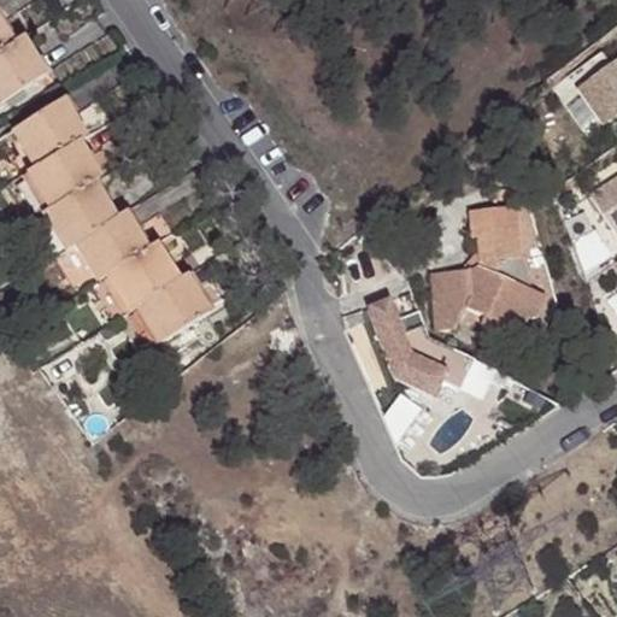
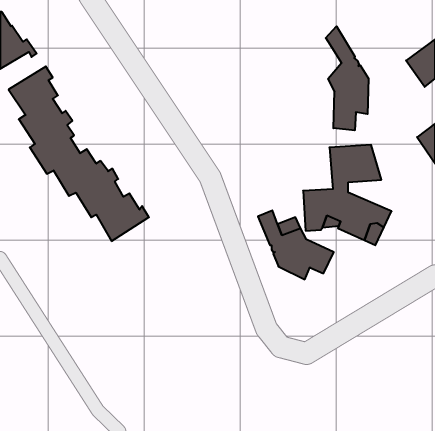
building: none -> [326,26,368,130]
building: [493,254,552,298] -> none

